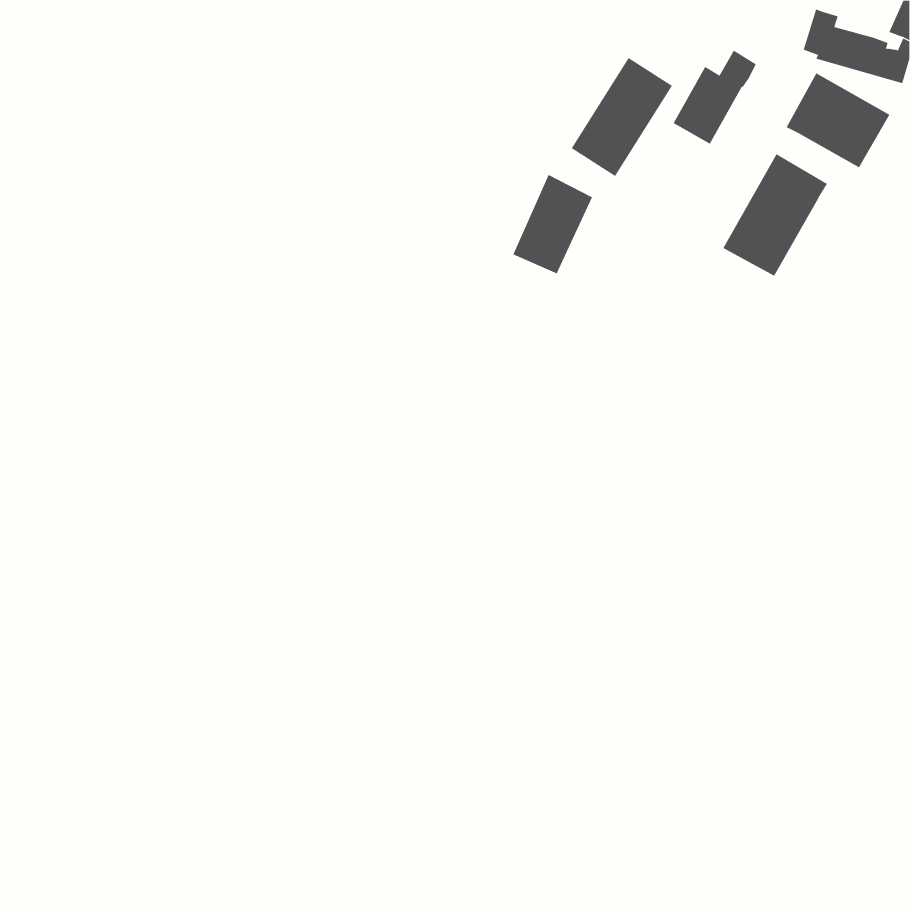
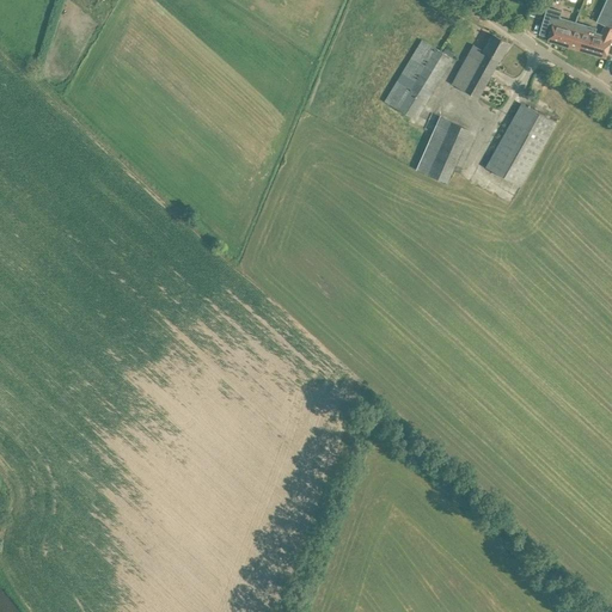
building: [786,72,890,168] -> none
building: [512,174,593,274] -> [415,115,469,182]

